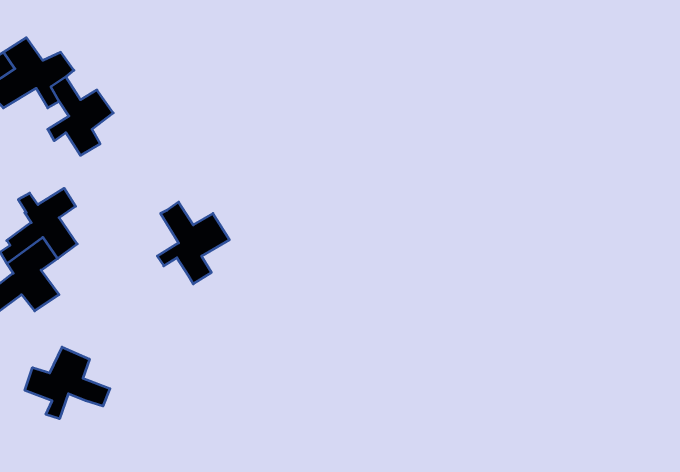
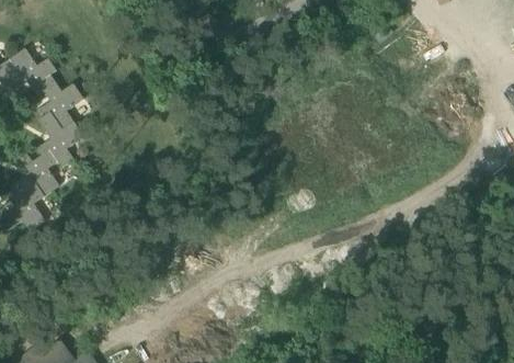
building: [157,202,229,284] -> [37,112,85,167]
building: [25,347,110,419] -> none

